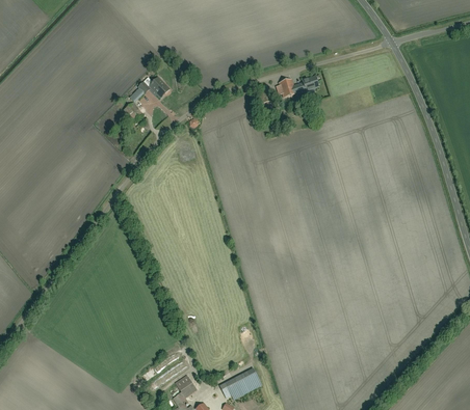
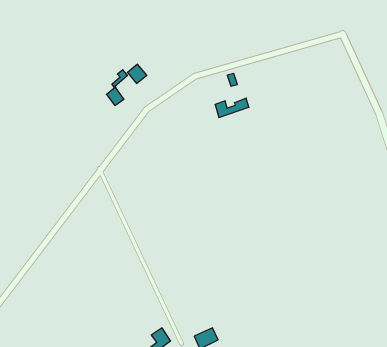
building: [280,76,318,98] -> [215,98,249,117]

